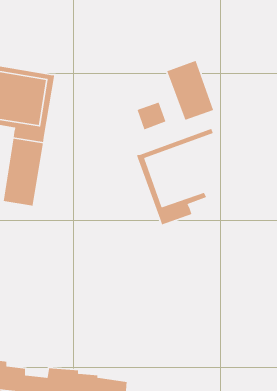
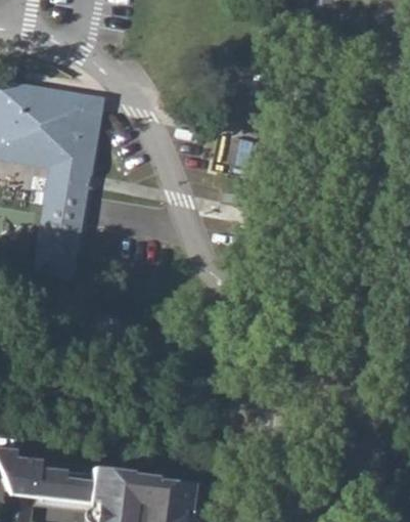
building: [166,60,214,121] -> none
building: [136,128,214,225] -> none

